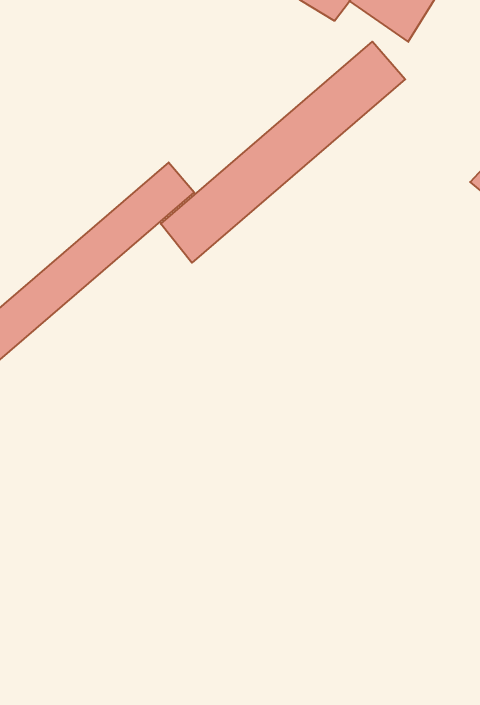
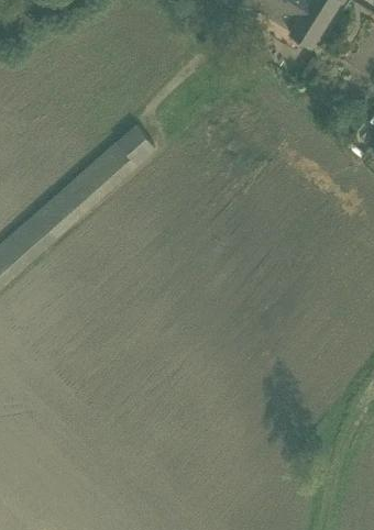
building: [161,42,405,263] -> none

